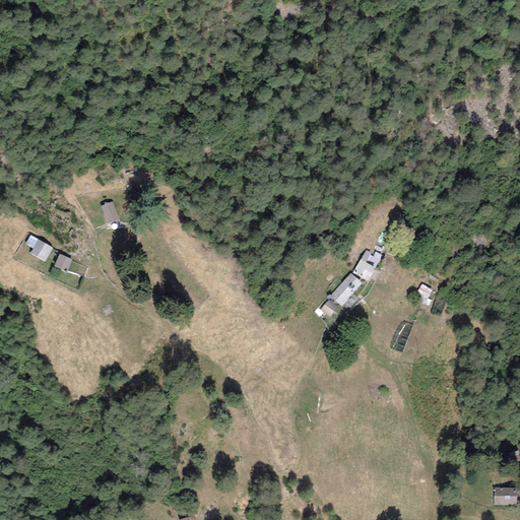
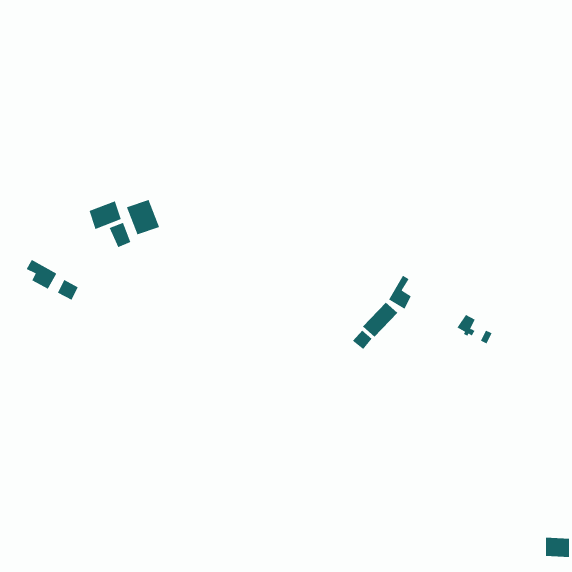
building: none -> [126,199,160,235]
building: none -> [89,200,122,230]

